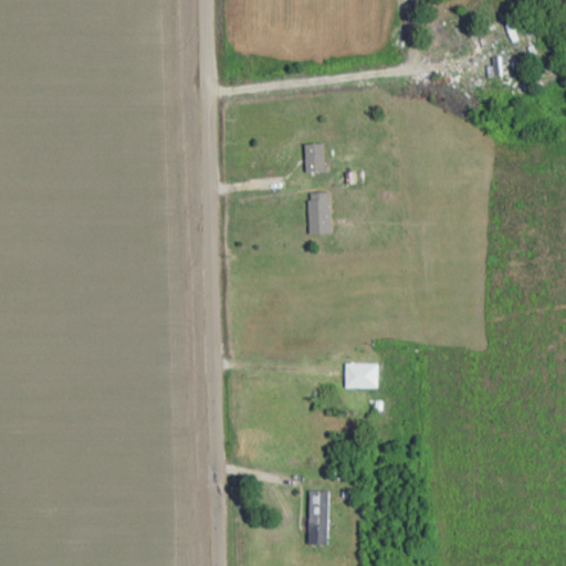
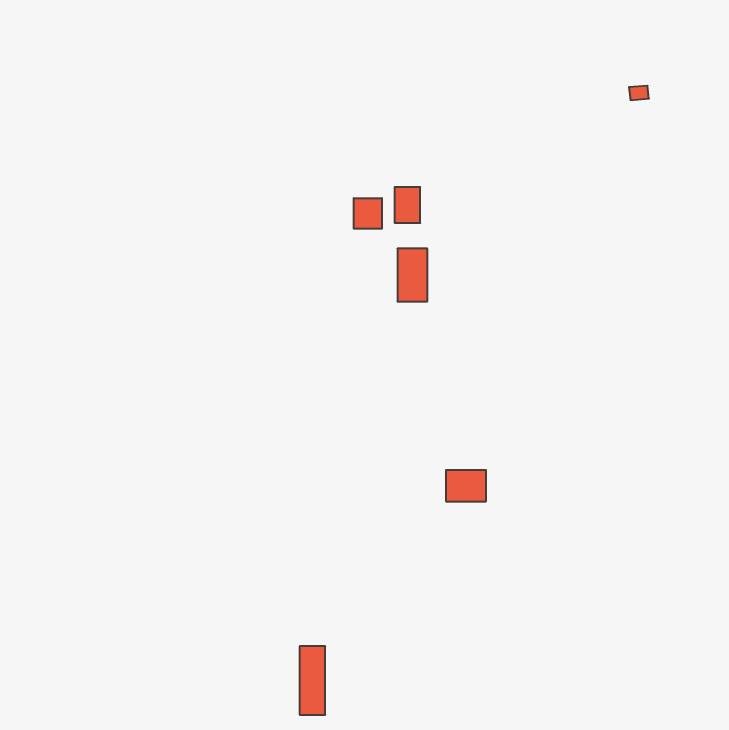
building: none -> [354,198,382,229]
building: [308,492,328,545] -> [300,646,325,715]

